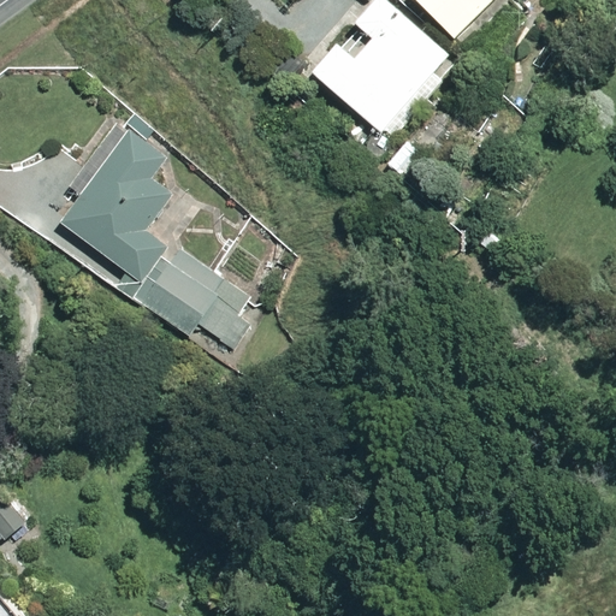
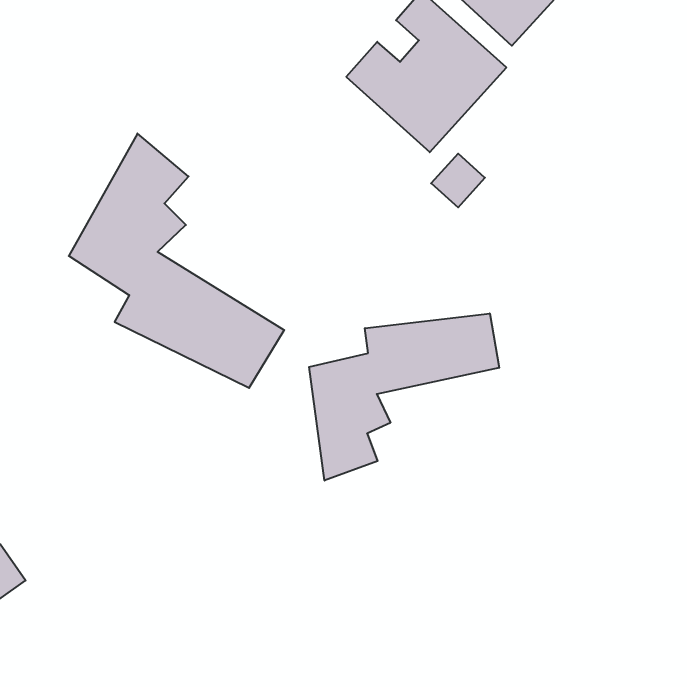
building: none -> [309,313,499,481]

